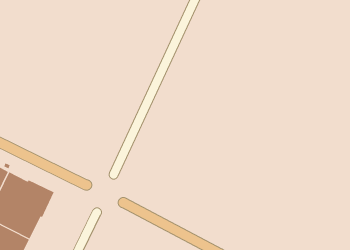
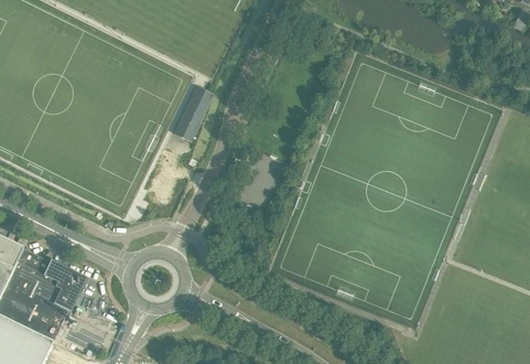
building: none -> [174,86,213,141]

